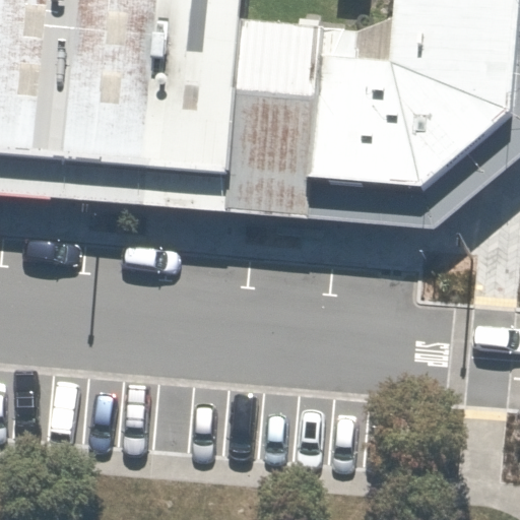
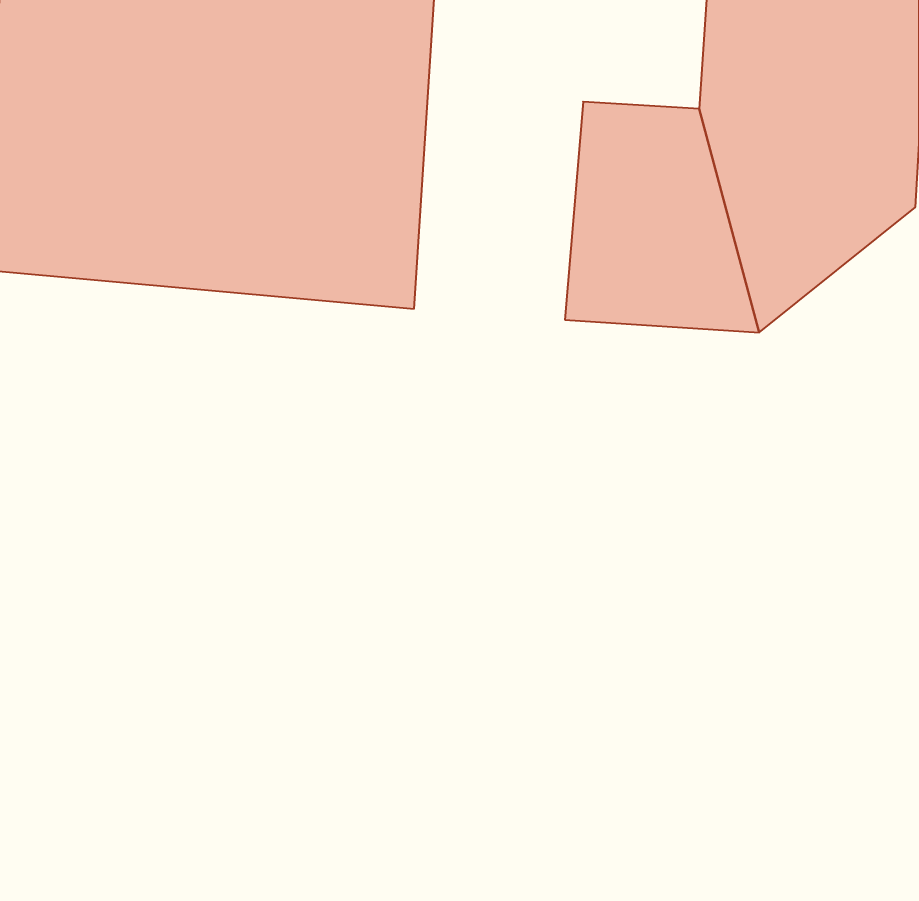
building: [229,17,327,215] -> none

